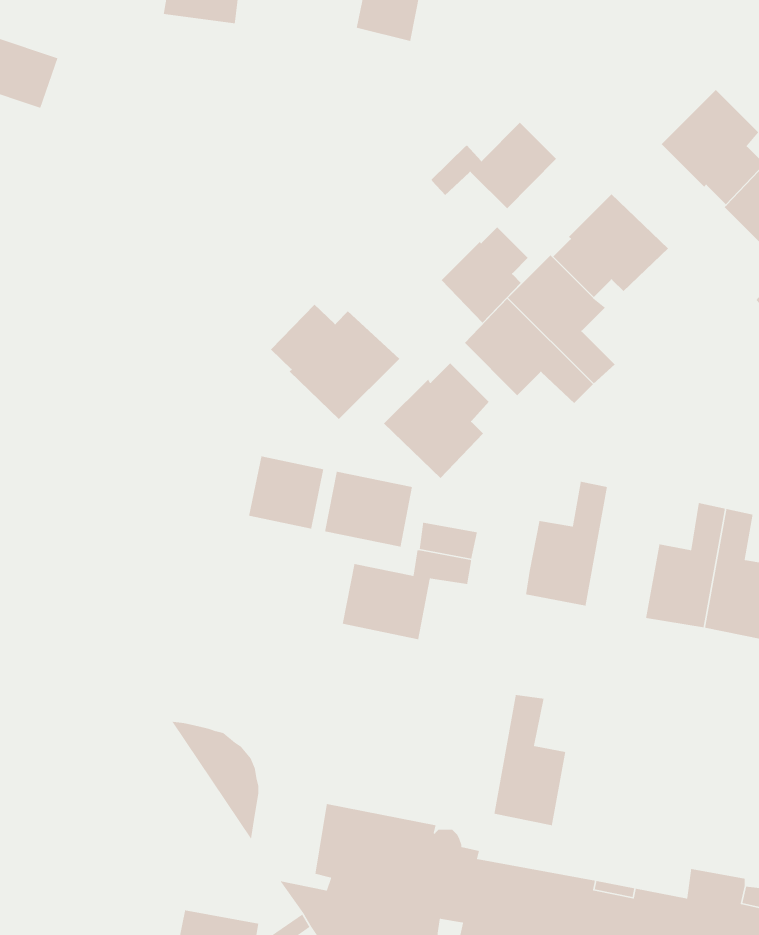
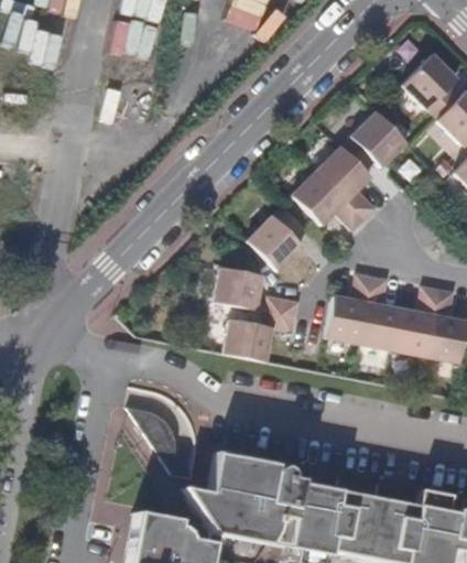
building: [431,122,557,209] -> none
building: [441,227,529,323] -> none
building: [270,304,400,420] -> none
building: [248,455,324,530] -> none
building: [493,694,566,826] -> [360,275,401,349]

